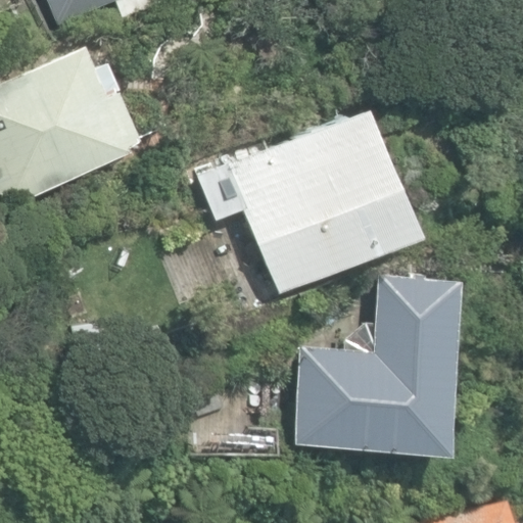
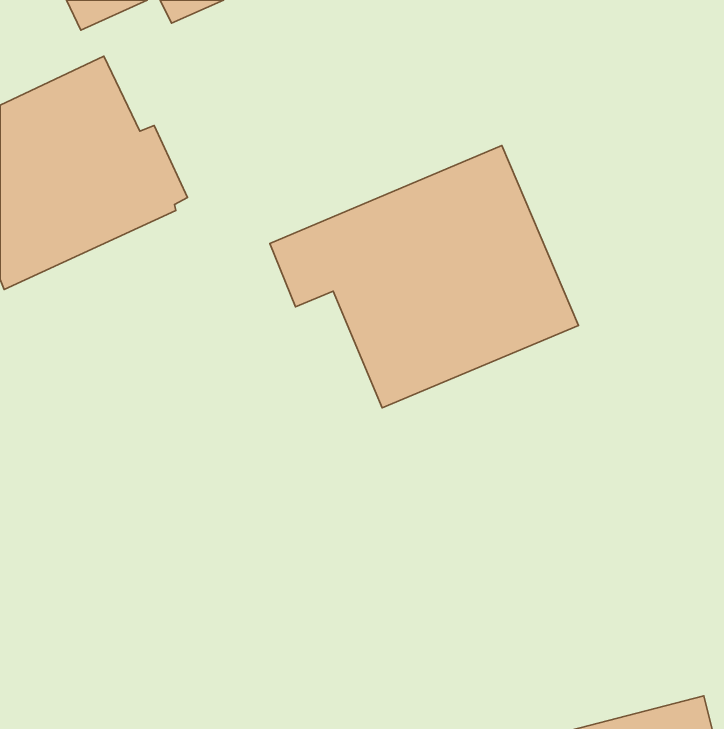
building: [295,277,459,451] -> none

